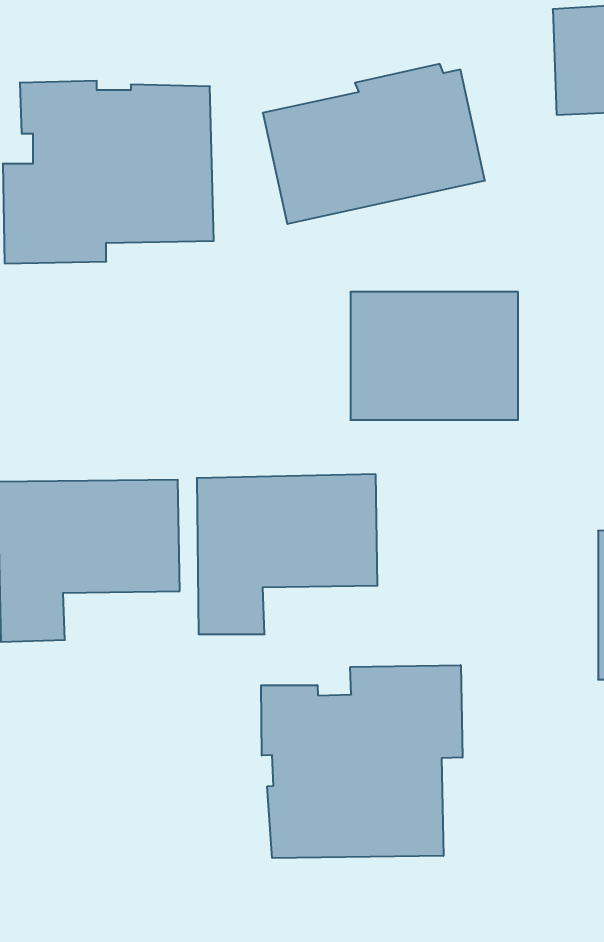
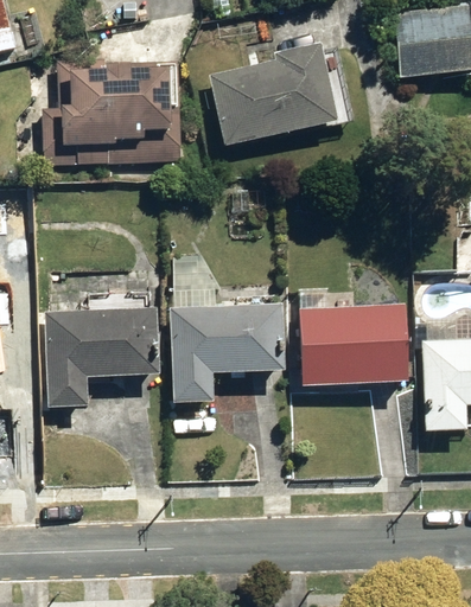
building: [350,292,518,420] -> [299,305,405,385]
building: [261,665,462,858] -> none

